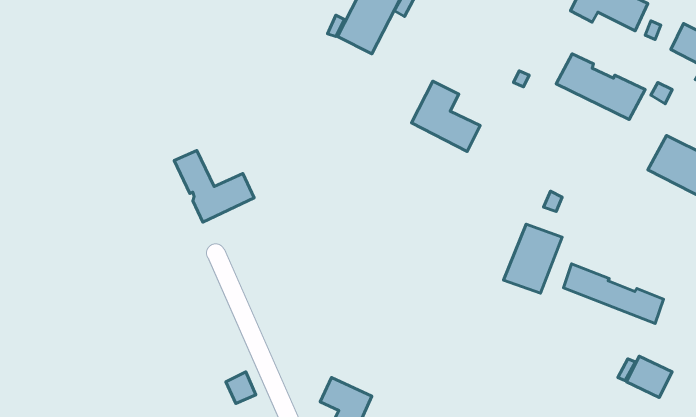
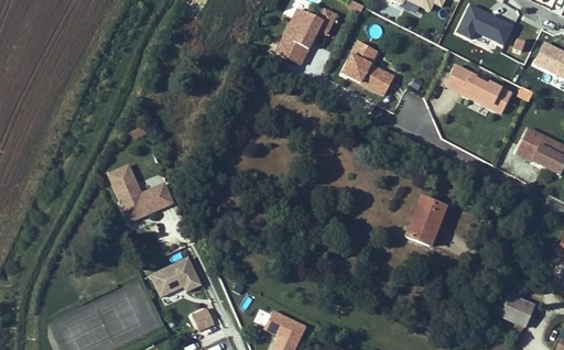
building: [411,81,480,151] -> [344,40,397,94]
building: [174,151,254,222] -> [109,167,171,222]
building: [563,264,663,323] -> none
building: none -> [150,260,197,295]

